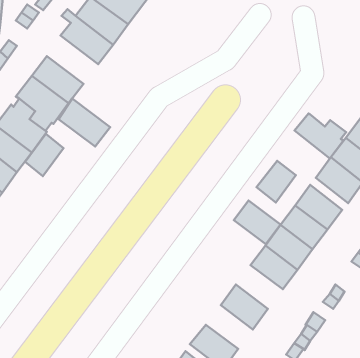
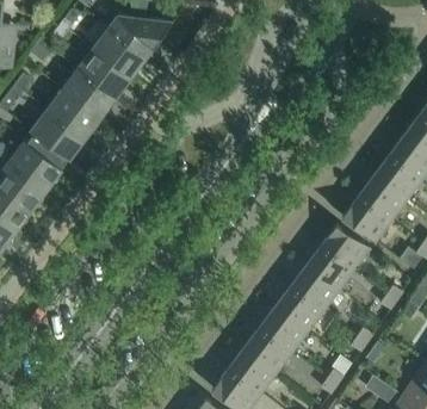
building: [58,98,110,147] -> [62,68,116,118]
building: [294,113,346,158] -> none
building: [25,134,64,176] -> none
building: [257,161,296,202] -> none
building: [234,201,281,244] -> [259,306,308,352]
building: none -> [228,348,277,393]

